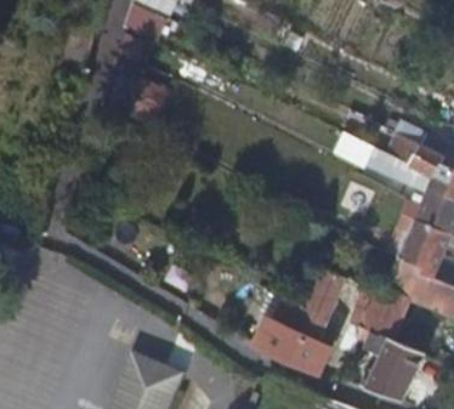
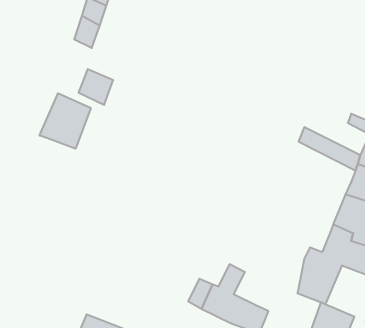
building: none -> [40,93,91,149]
building: [291,266,345,341] -> none

